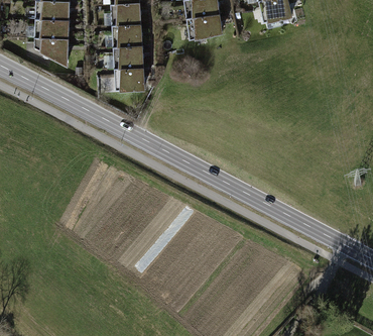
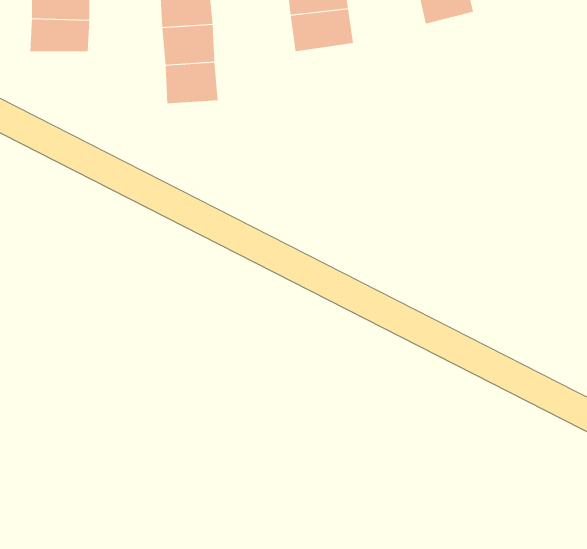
building: [33,37,68,66] -> none
building: [113,66,144,91] -> none

